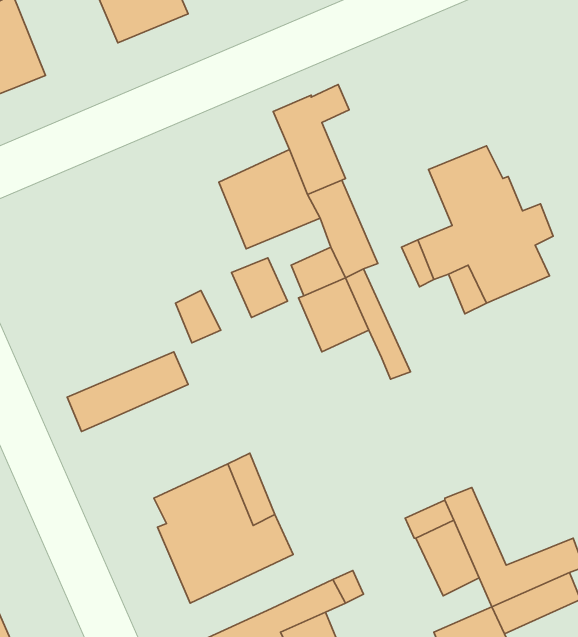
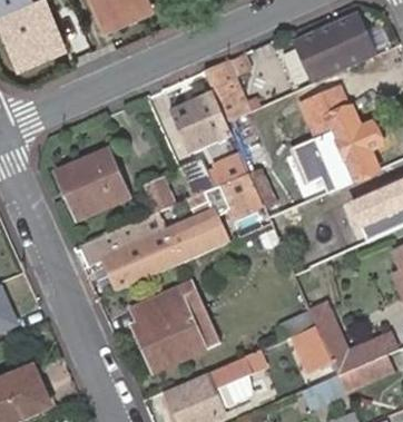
building: none -> [296,17,372,80]
building: none -> [56,153,127,222]
building: none -> [102,213,223,289]

